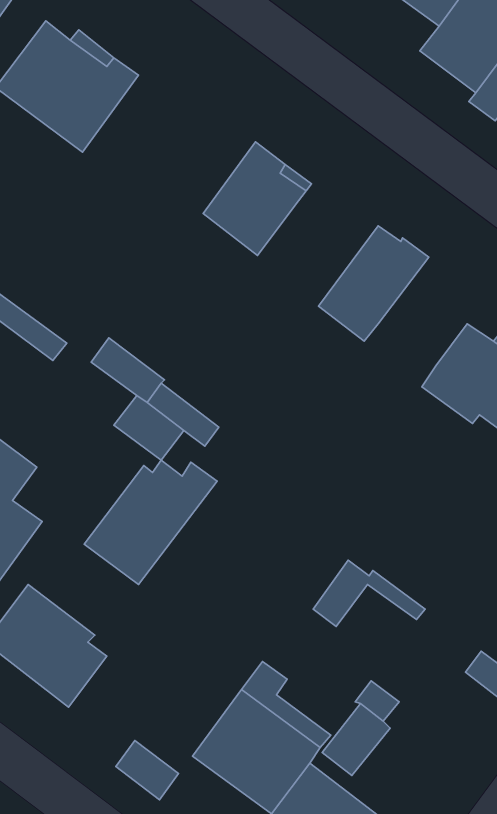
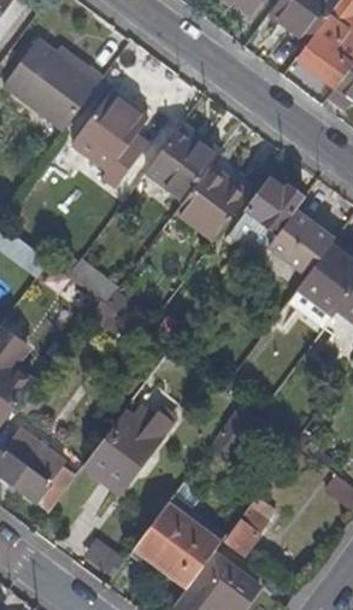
building: none -> [69,93,143,183]
building: none -> [170,165,246,236]
building: none -> [263,210,330,275]
building: [84,460,217,585] -> [83,406,175,492]

